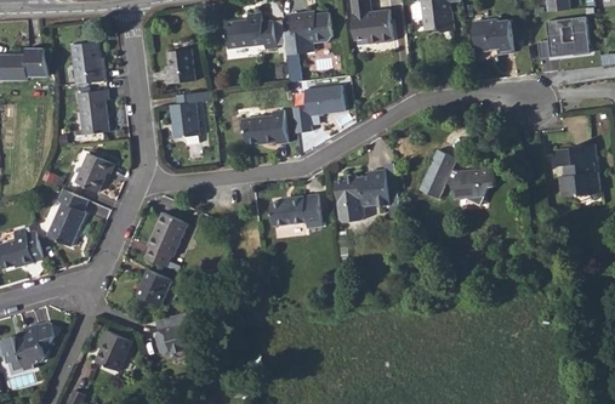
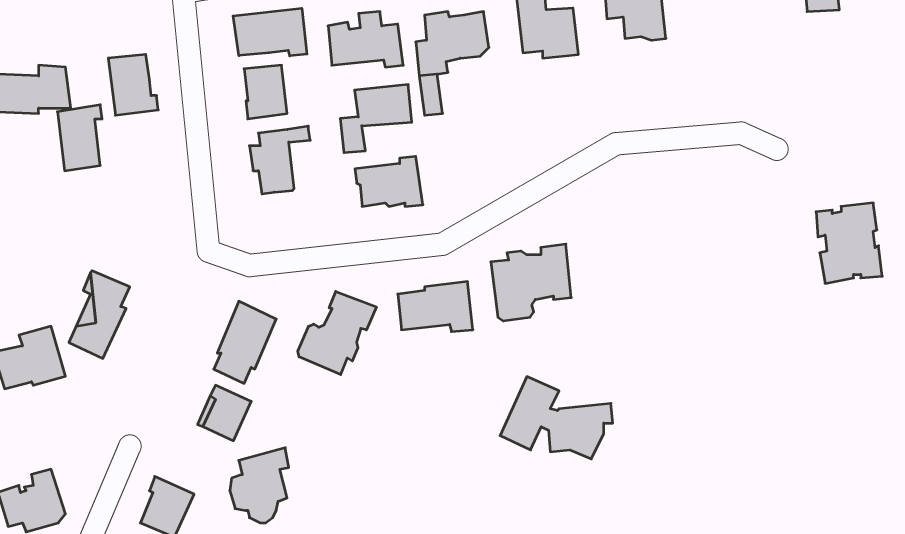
building: none -> [233,8,307,56]
building: [539,16,591,58] -> none
building: [472,18,513,51] -> none
building: [296,86,344,132] -> [340,85,412,153]
building: [80,90,110,135] -> [57,105,102,171]
building: [417,147,494,203] -> [500,377,613,459]
building: [76,153,115,192] -> none
building: none -> [298,291,376,375]

